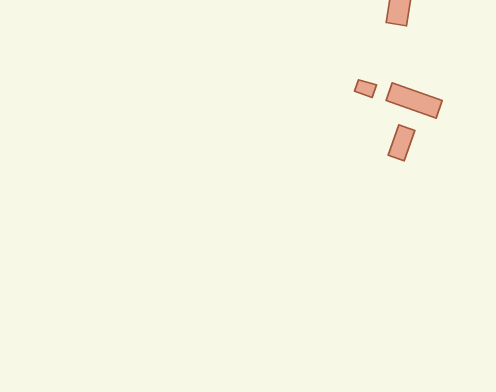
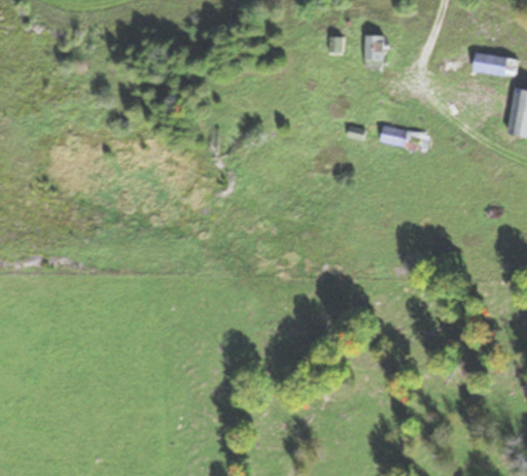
building: [388,125,415,161] -> none

